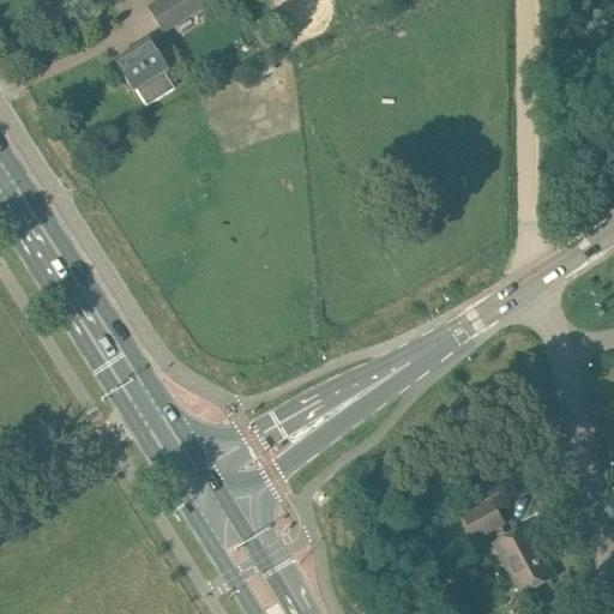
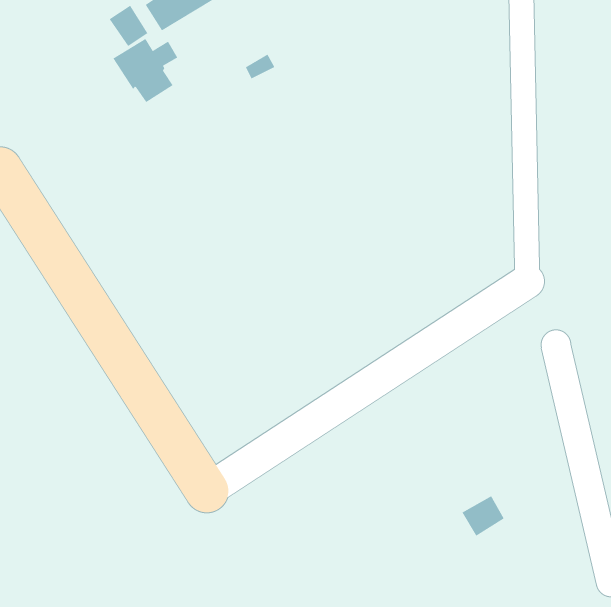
building: none -> [109,5,148,47]
building: [493,522,559,597] -> none

